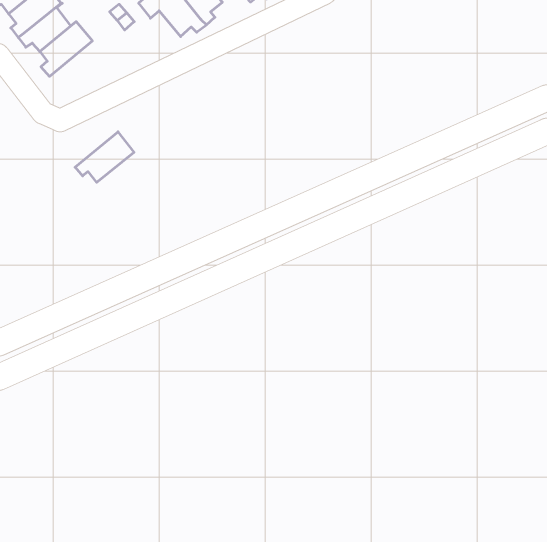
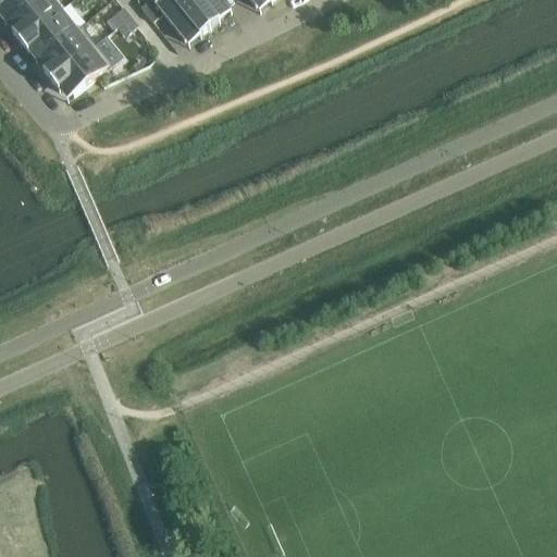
building: [75,132,134,182] -> [50,41,110,92]

